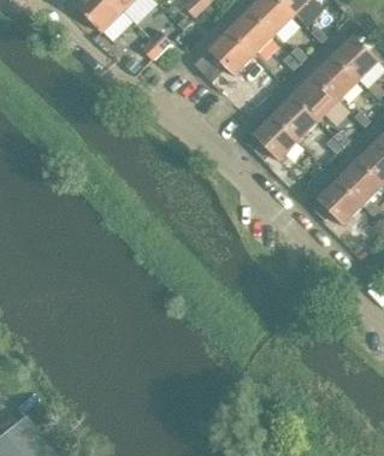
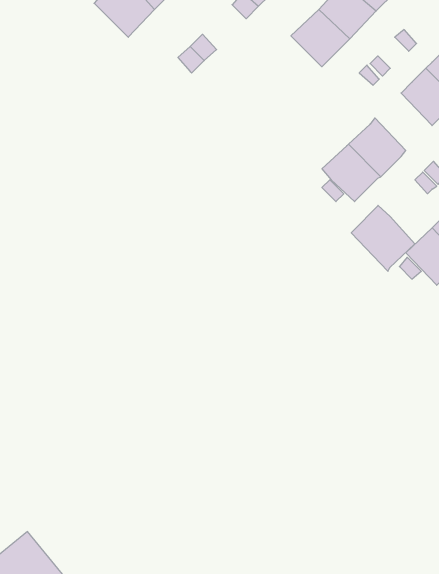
building: [195,30,253,81] -> none
building: [294,75,338,119] -> none
building: none -> [351,205,415,271]

